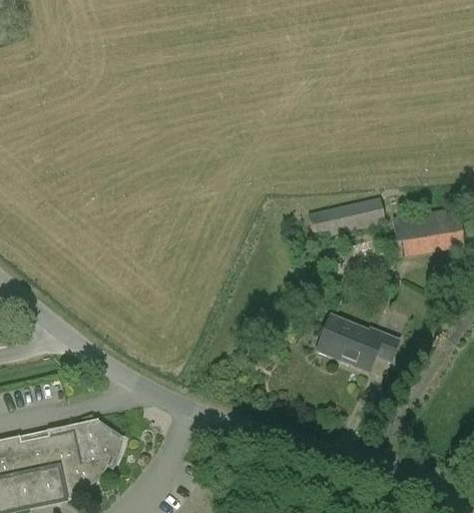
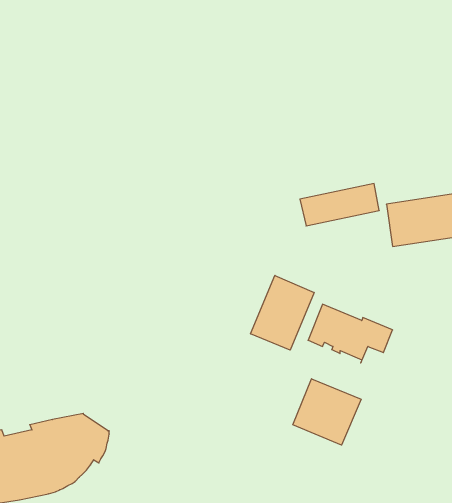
building: none -> [251,275,314,350]
building: none -> [293,379,361,445]

